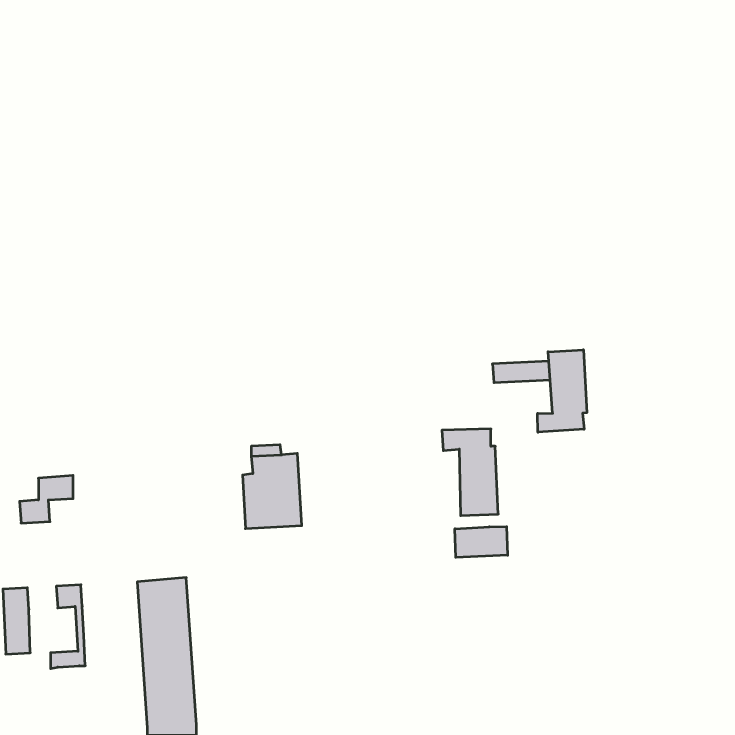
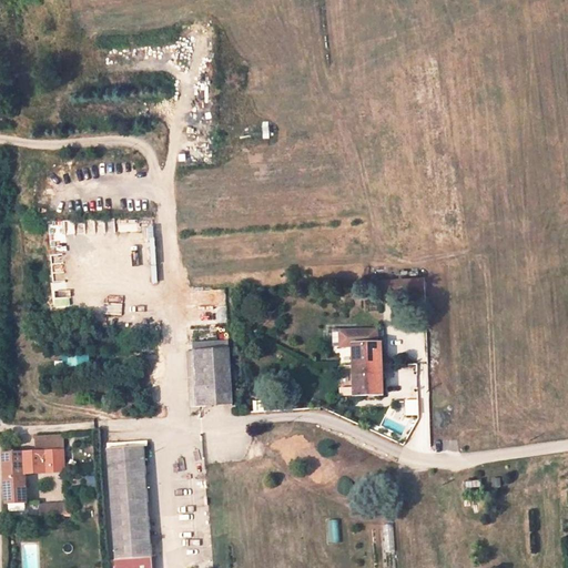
building: [538,350,587,432] -> none
building: [20,475,73,523] -> [21,432,62,468]
building: [455,527,508,557] -> none

